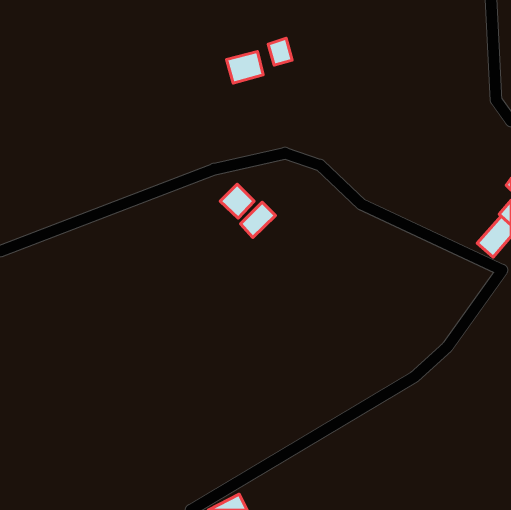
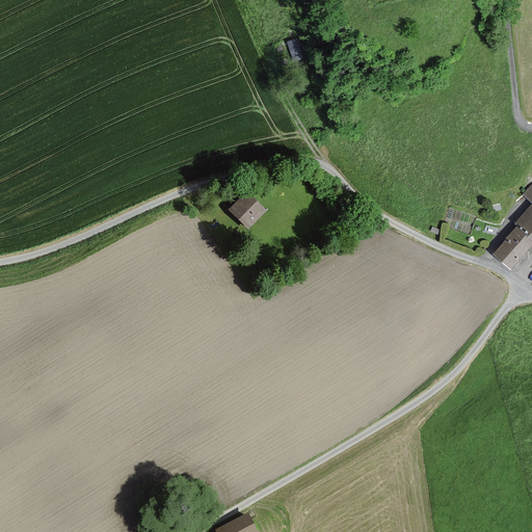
building: [227,51,263,83] -> none
building: [240,202,275,237] -> none

